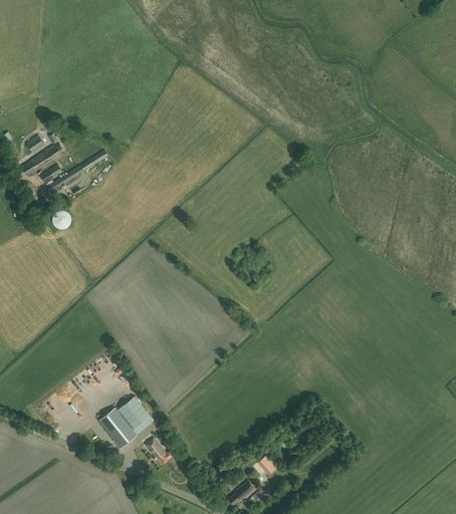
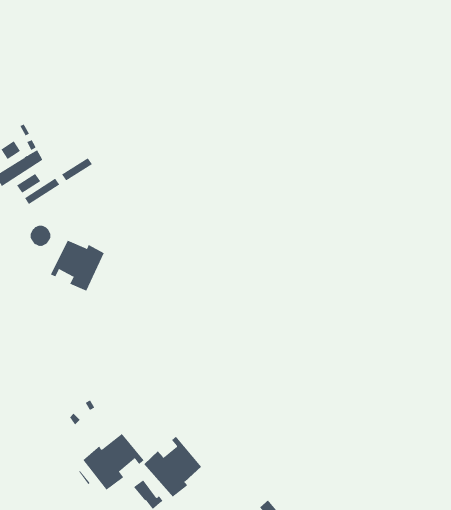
building: none -> [50,240,105,291]
building: none -> [144,436,202,498]

